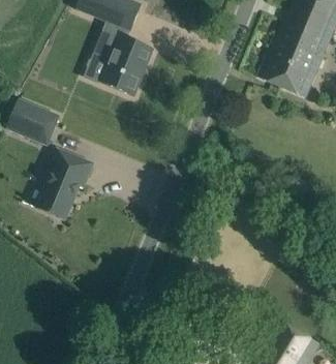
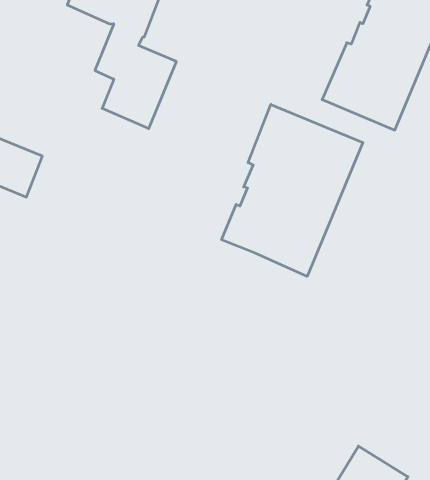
building: none -> [222,104,363,276]
building: [36,148,93,218] -> none

